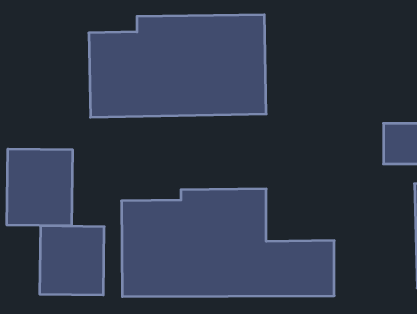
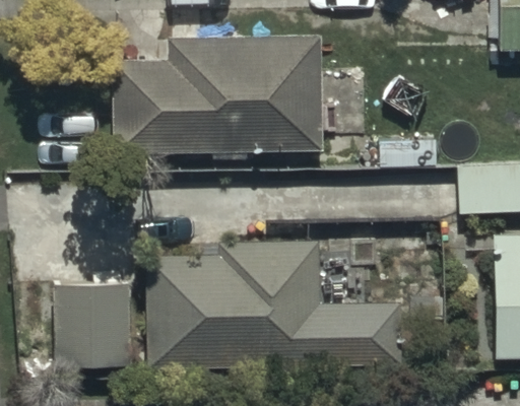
building: [7,149,72,226] -> none

